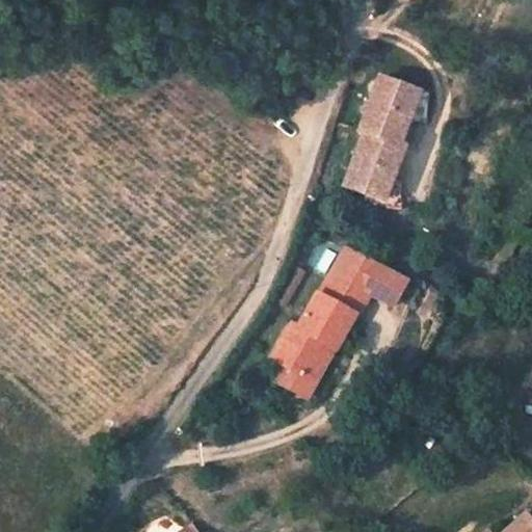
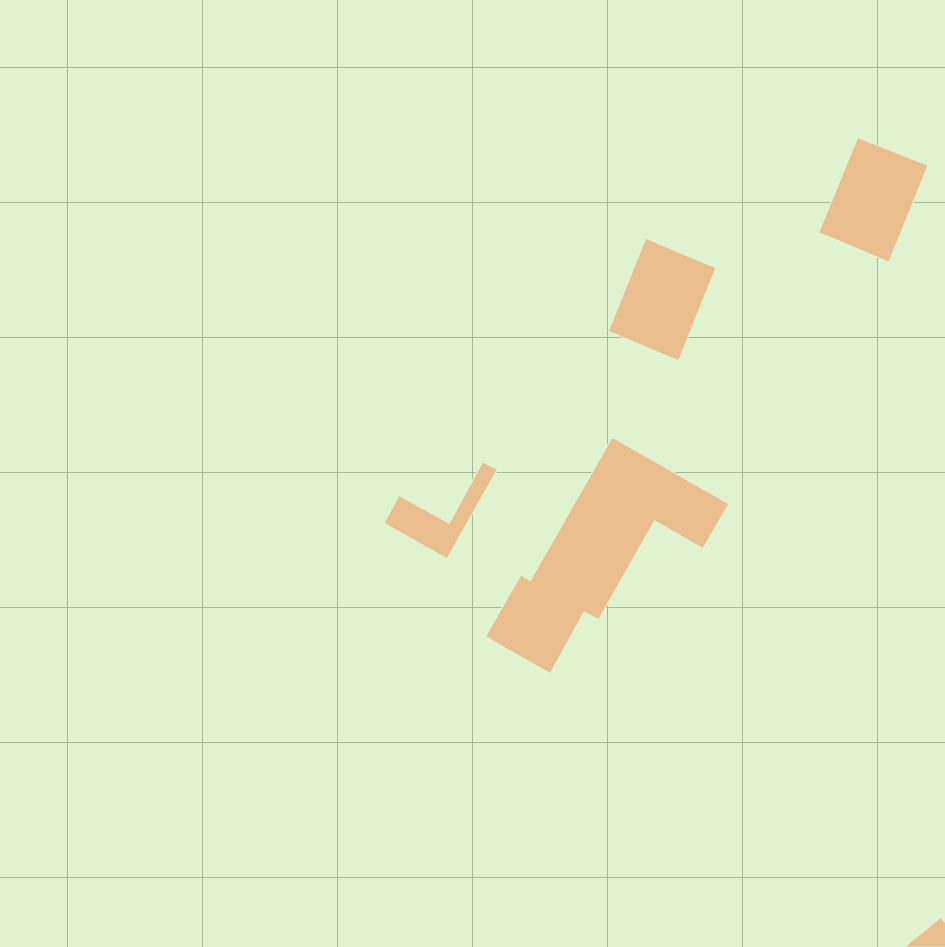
building: [358,78,420,148] -> [819,138,928,262]
building: [274,342,338,396] -> [384,462,497,559]

